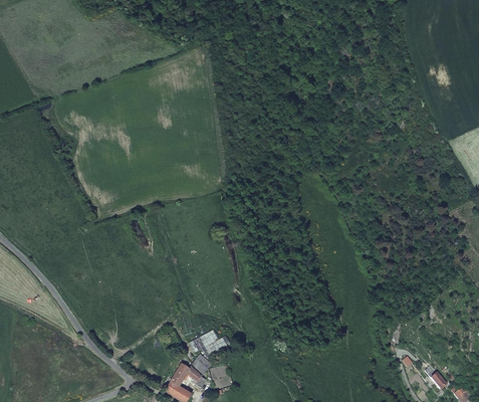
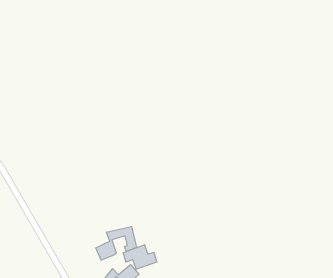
building: none -> [96,227,137,260]

